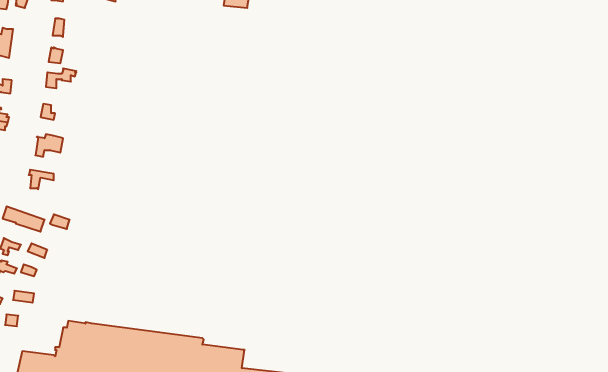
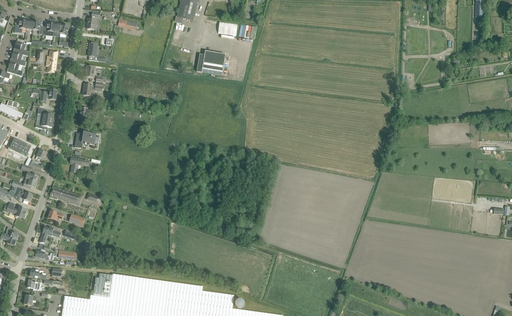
building: none -> [196,50,225,73]

